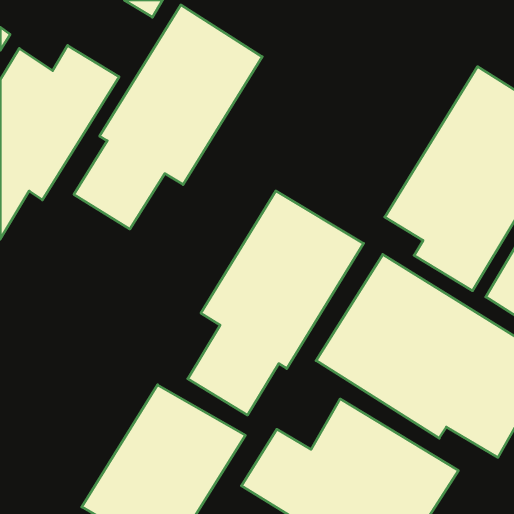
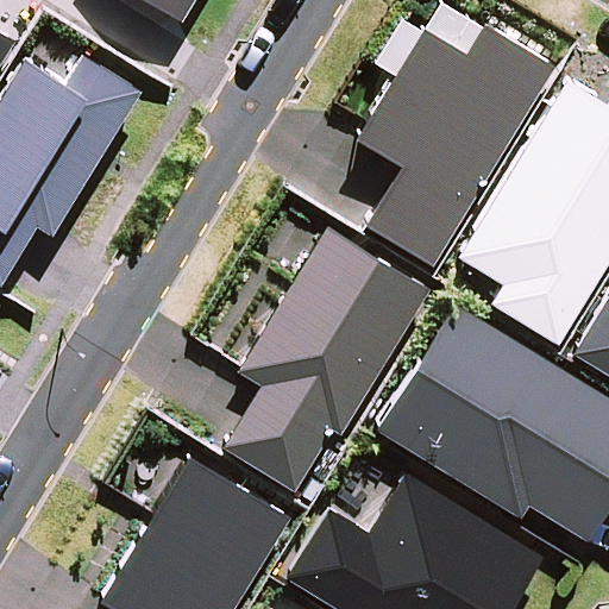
building: [74,5,262,229] -> none
building: none -> [353,25,554,266]

